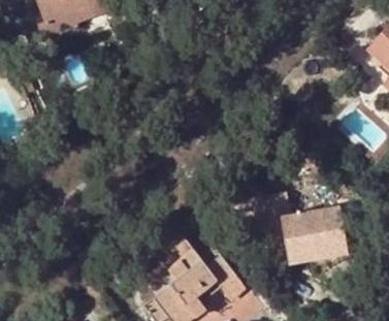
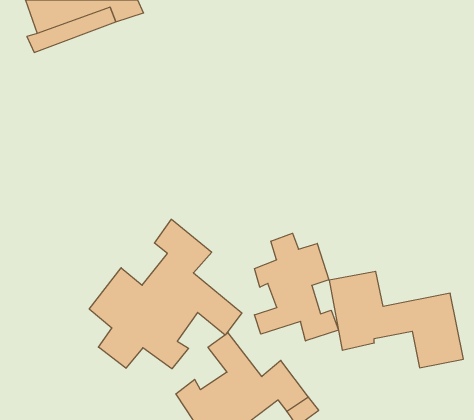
building: none -> [89,219,242,369]
building: none -> [254,233,338,341]

